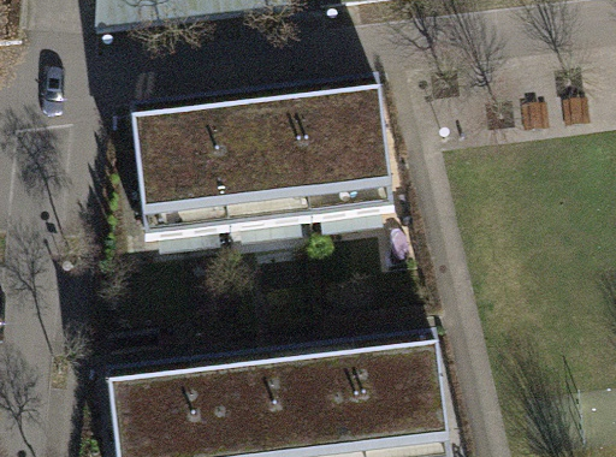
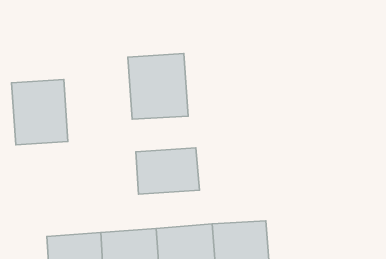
building: [296,94,389,197] -> none
building: [136,115,225,216] -> [12,80,68,145]
building: none -> [136,148,199,194]

